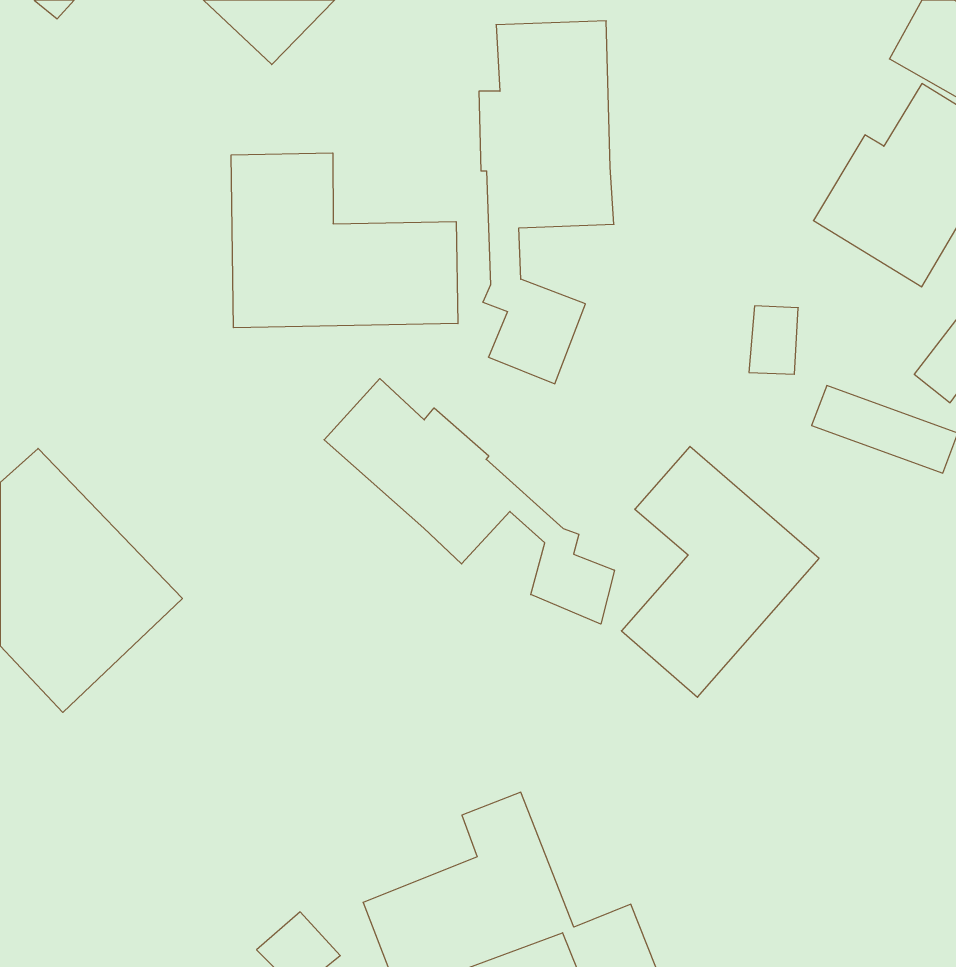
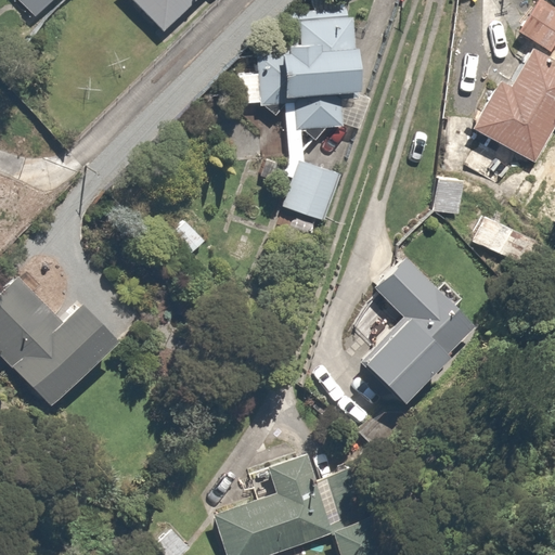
building: [231,153,458,328] -> none
building: [324,379,614,624] -> none

